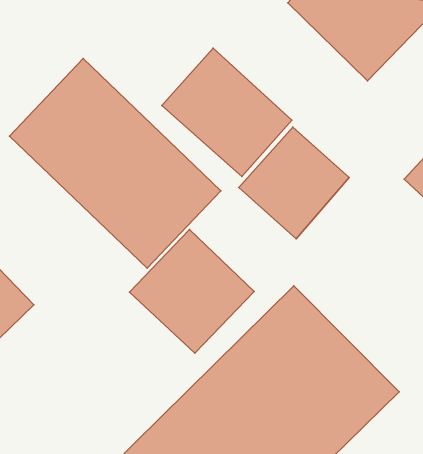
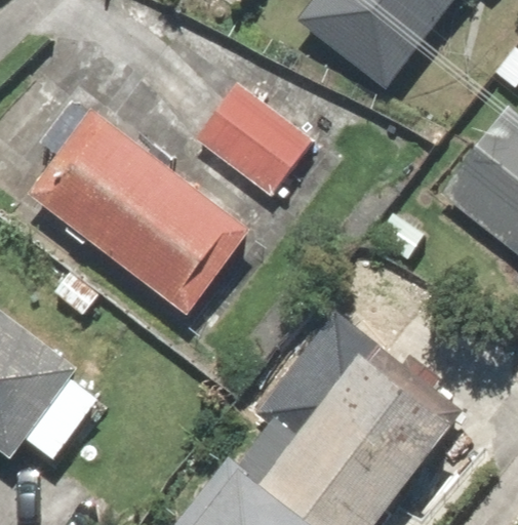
building: [239,127,349,239] -> none
building: [129,229,254,353] -> none

